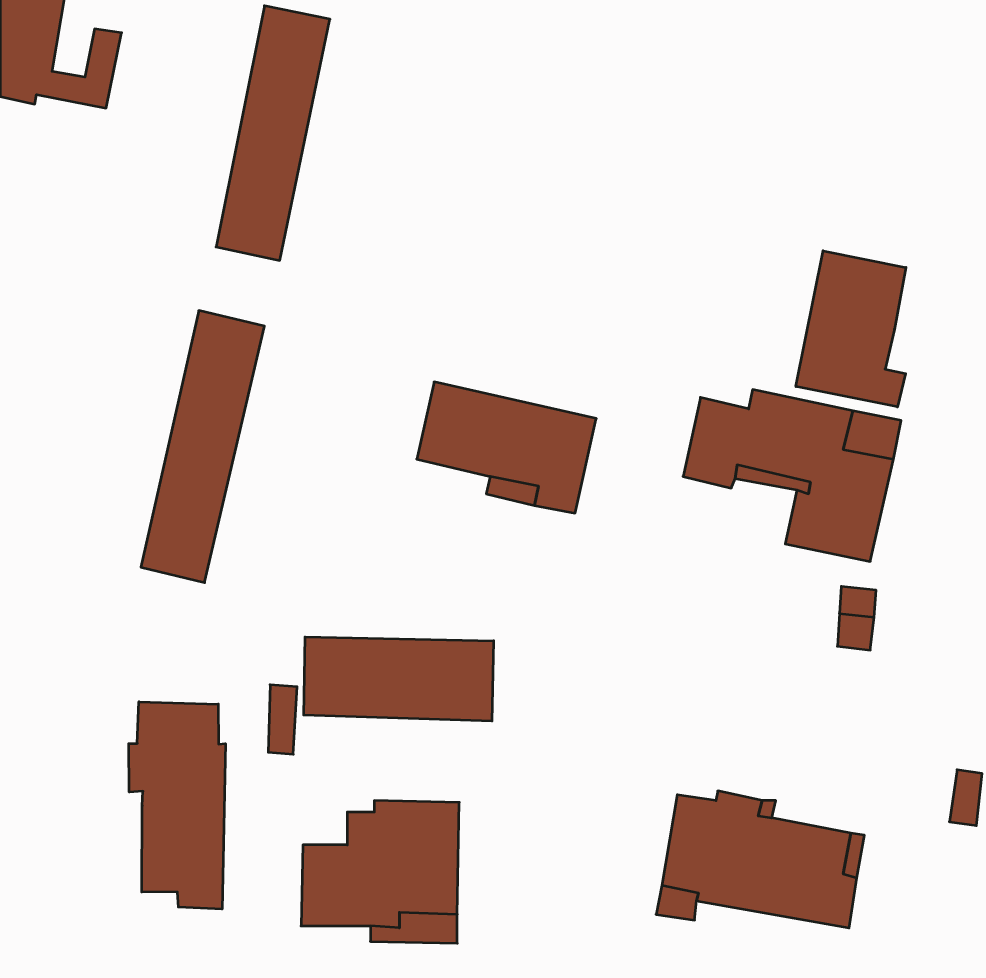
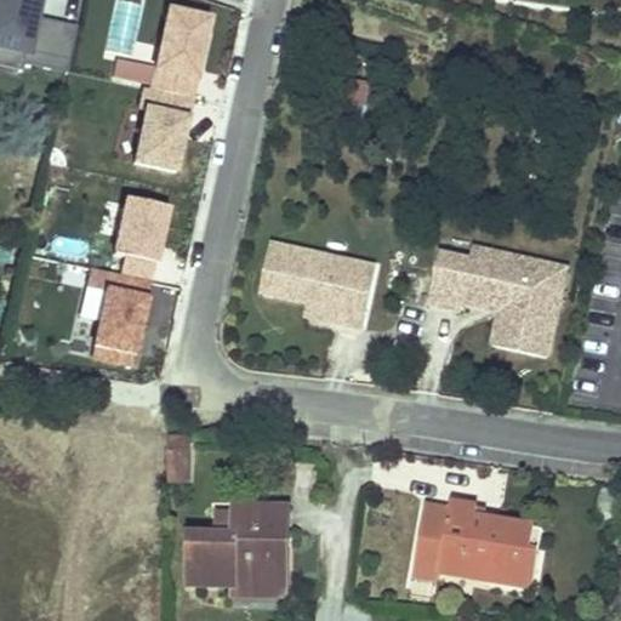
building: [796,251,906,407] -> none
building: [304,637,494,721] -> none
building: [129,702,225,909] -> none

